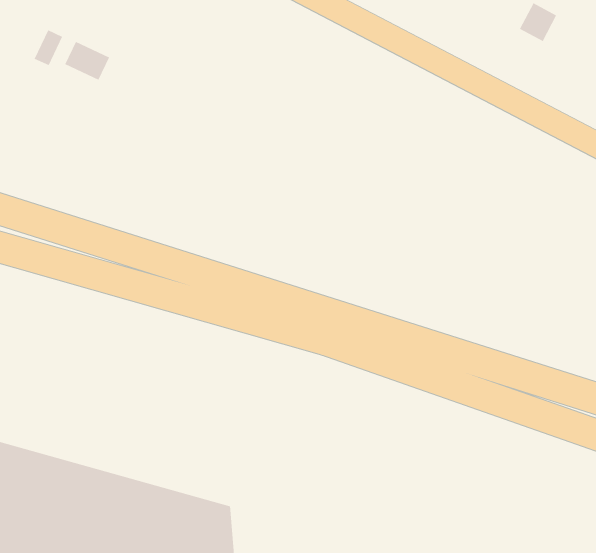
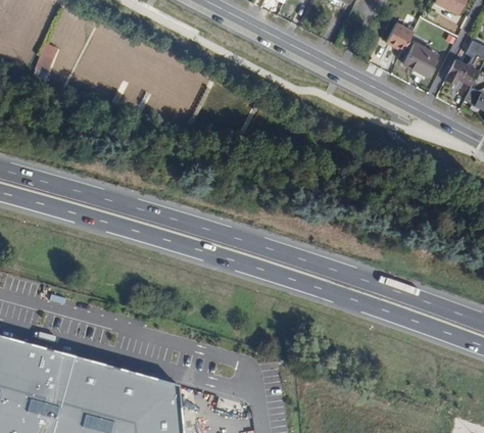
building: none -> [404,43,436,75]
building: [64,41,110,81] -> none

